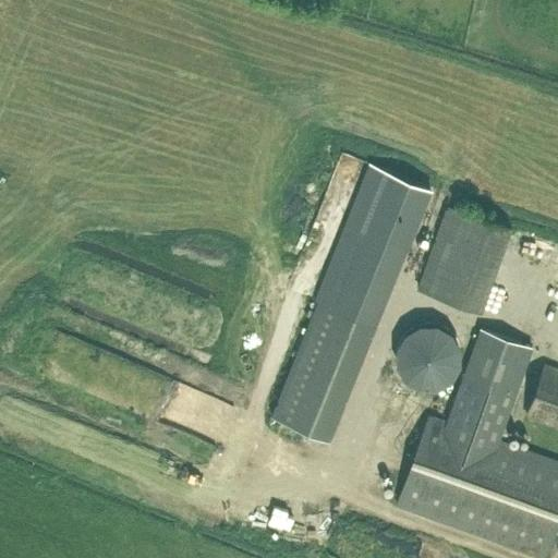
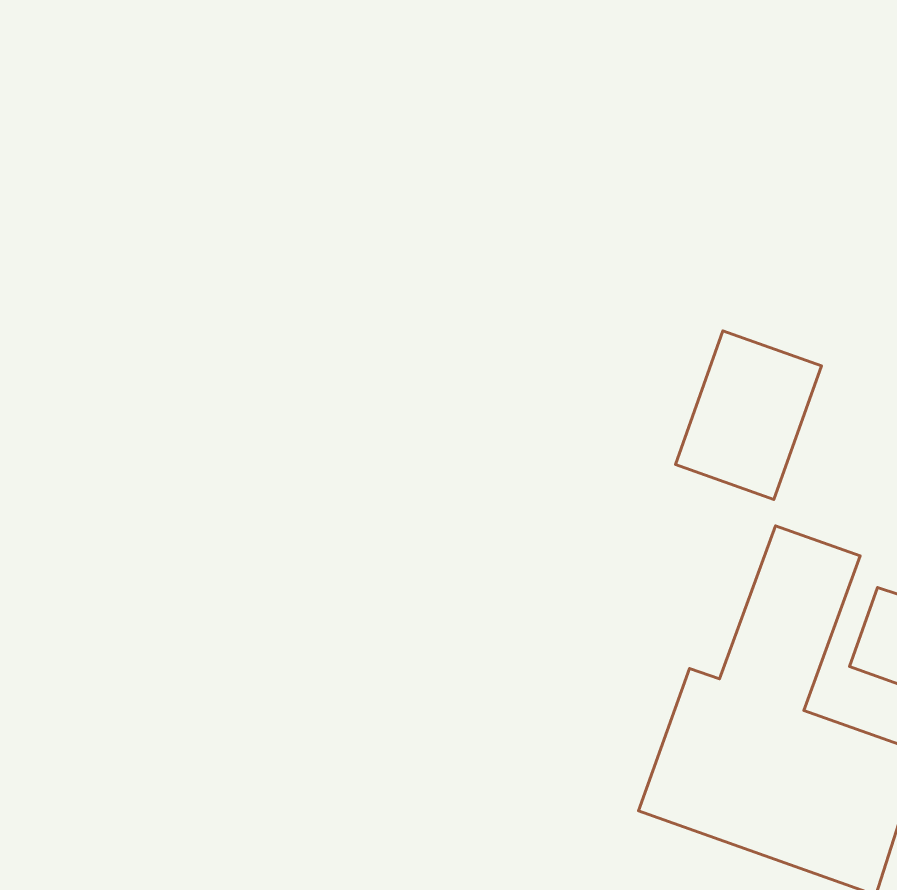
building: [271,169,421,439] -> none
building: [398,327,462,390] -> none

